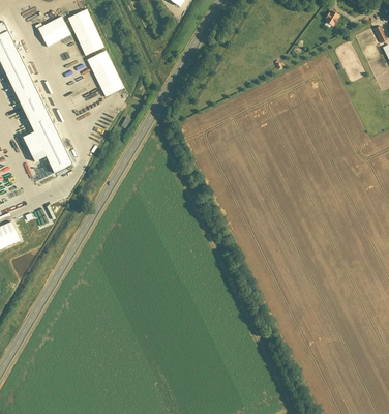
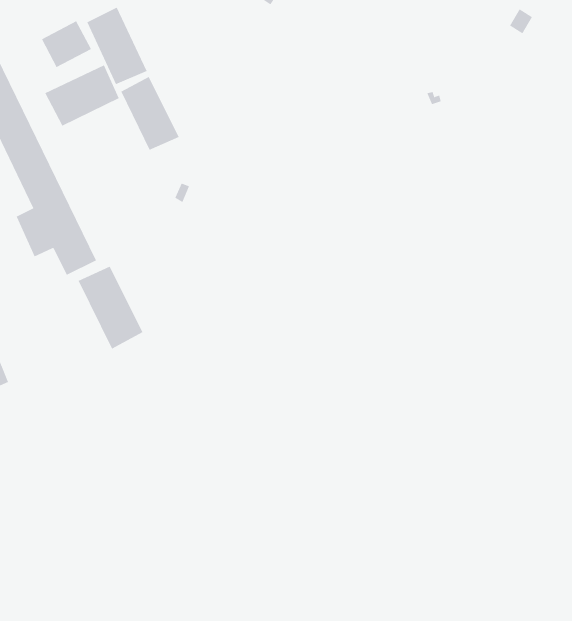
building: none -> [45,65,120,127]
building: none -> [78,266,143,350]

